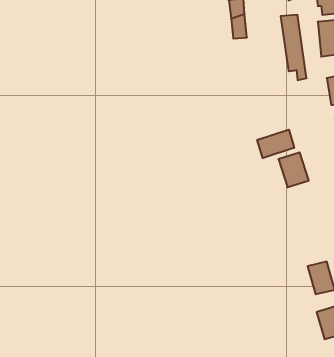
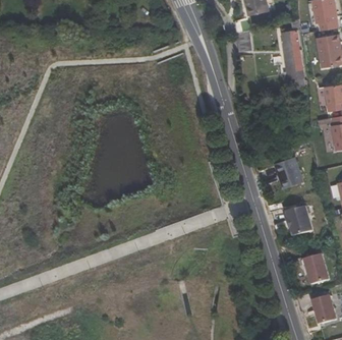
building: [257,130,294,158] -> none
building: none -> [289,204,316,234]

